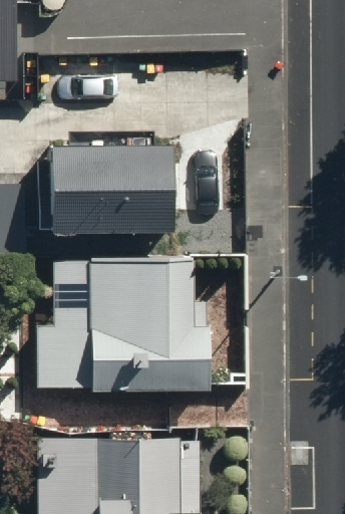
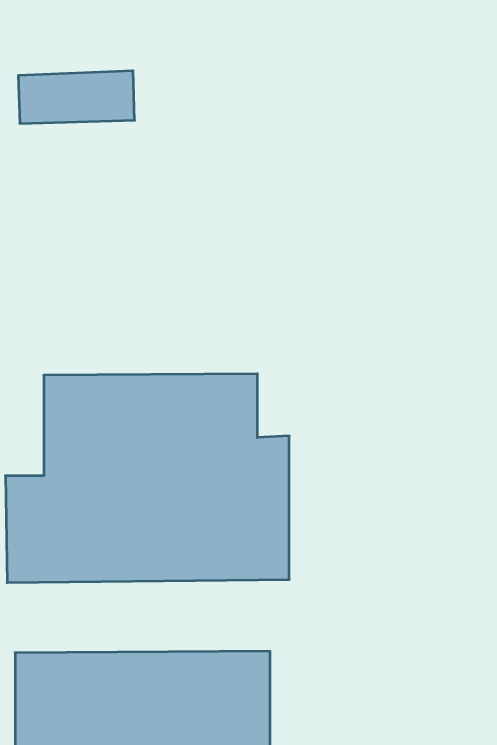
building: [46,150,174,237] -> none

